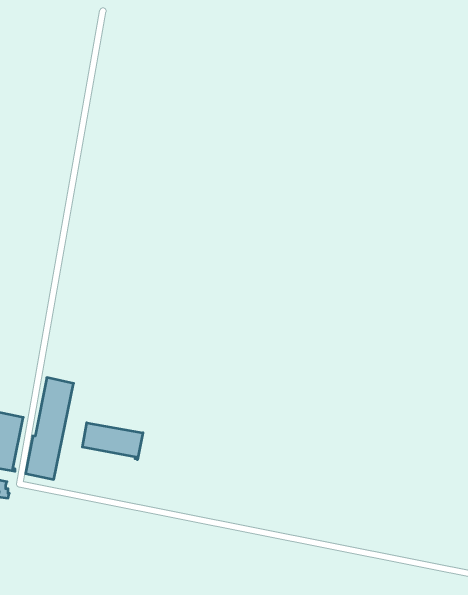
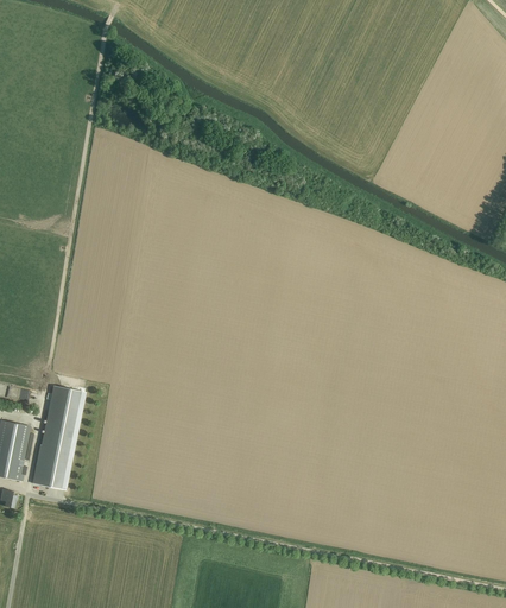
building: [82,423,143,460] -> none

